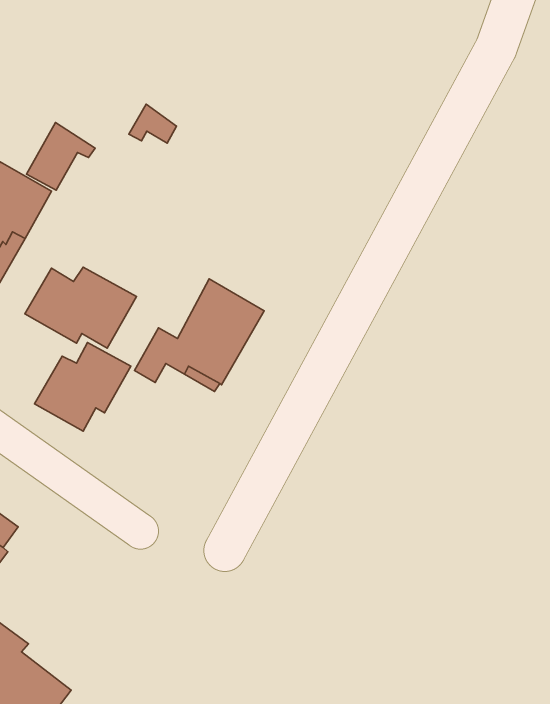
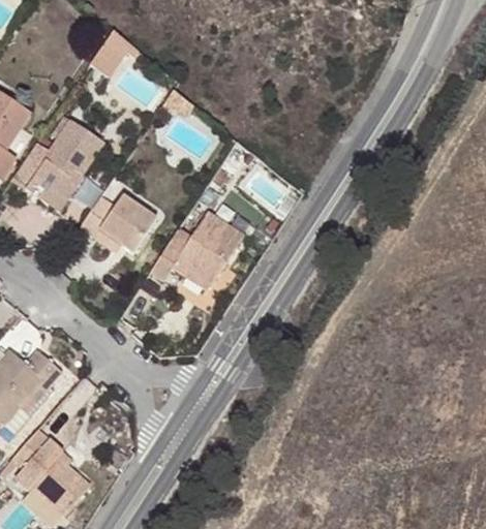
building: [26,122,95,190] -> [90,29,139,75]
building: [35,342,131,431] -> none

